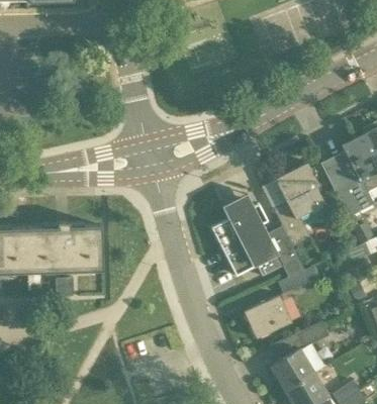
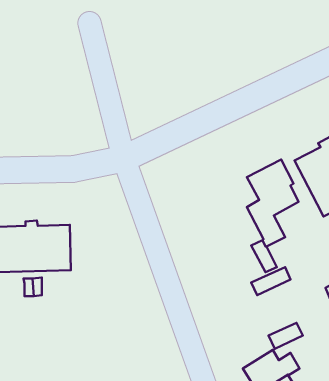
building: [211,193,284,276] -> none
building: [243,294,292,338] -> none

